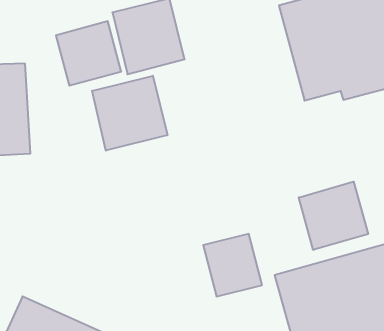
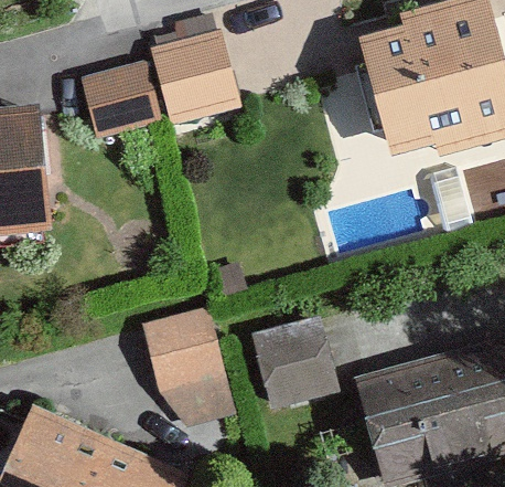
building: [92,76,167,151] -> none
building: [299,182,368,250] -> none
building: none -> [141,306,224,391]

